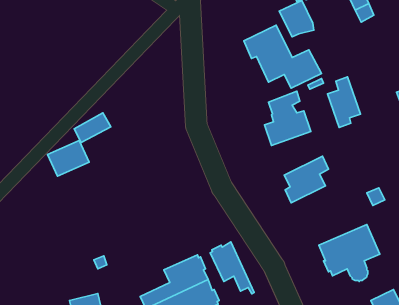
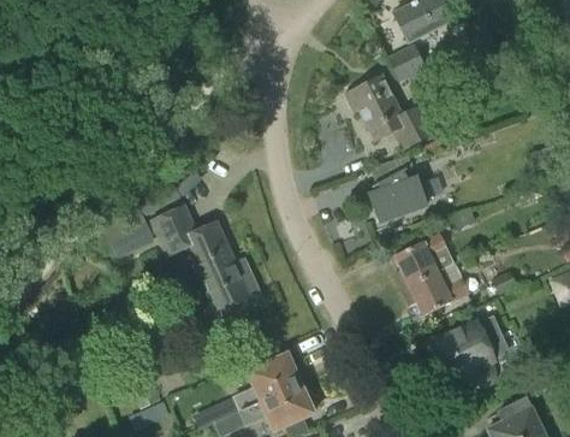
building: [328,77,361,127] -> none
building: none -> [153,205,262,317]
building: none -> [402,268,469,315]
building: [210,242,254,294] -> none

